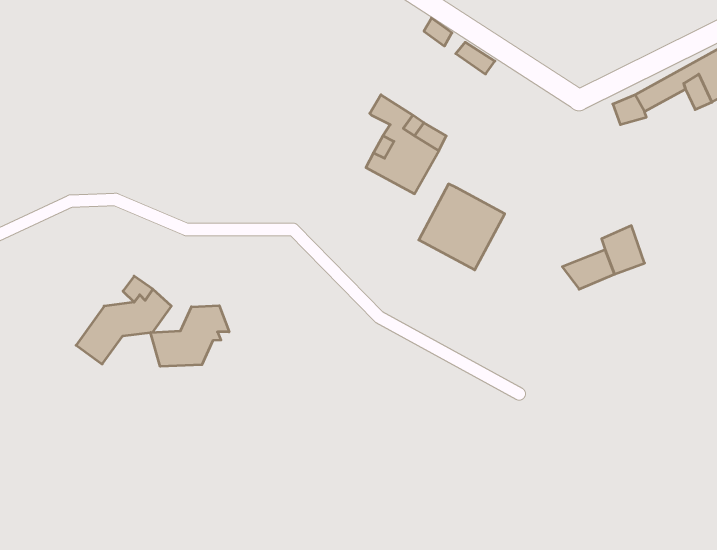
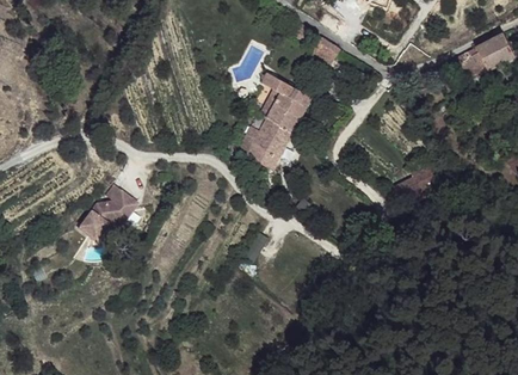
building: [419,184,505,270] -> [236,115,291,170]
building: [151,306,229,366] -> none

